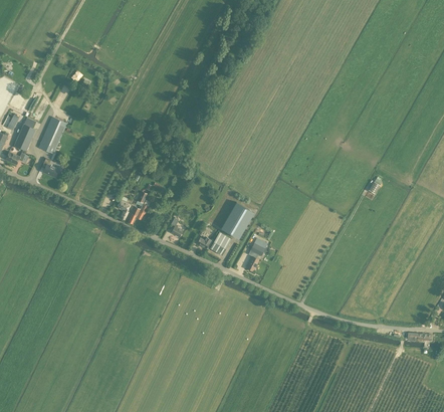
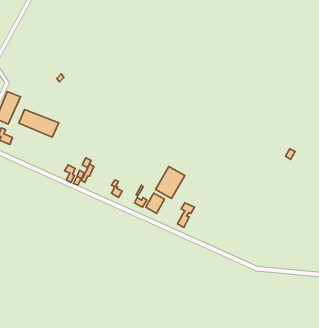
building: none -> [19,109,59,137]

